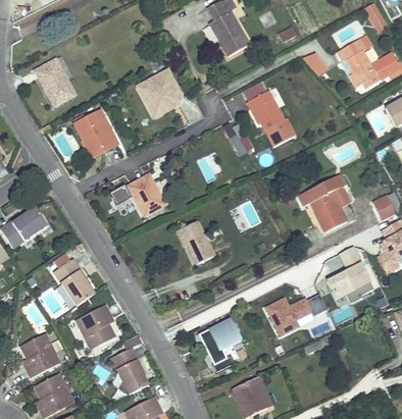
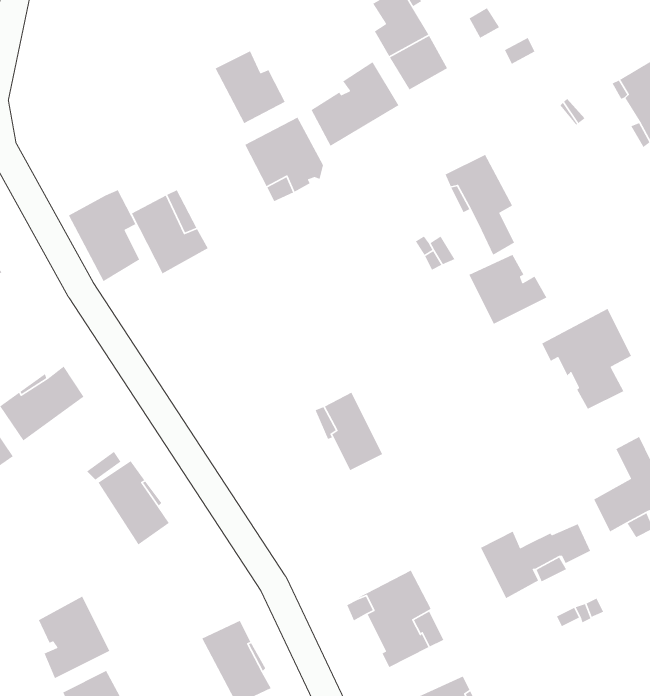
building: none -> [215,50,286,124]
building: none -> [310,61,399,147]
building: [34,55,73,106] -> [68,189,140,282]
building: none -> [468,254,548,325]
building: [107,173,163,215] -> none
building: [78,304,116,349] -> none

